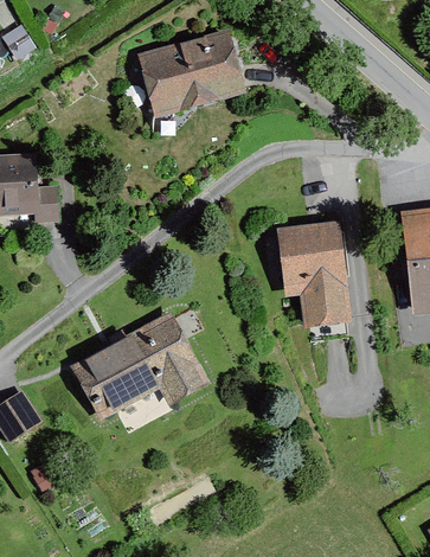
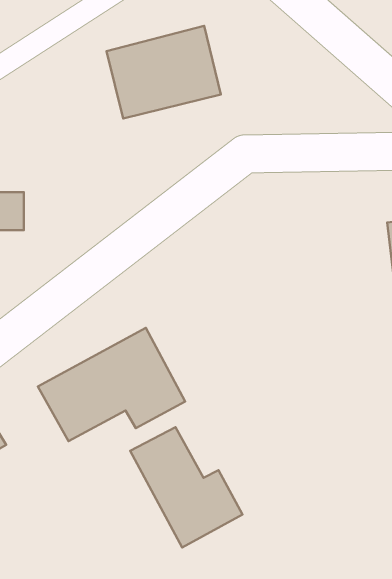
building: [275,223,351,332] -> none
building: none -> [130,427,242,547]

